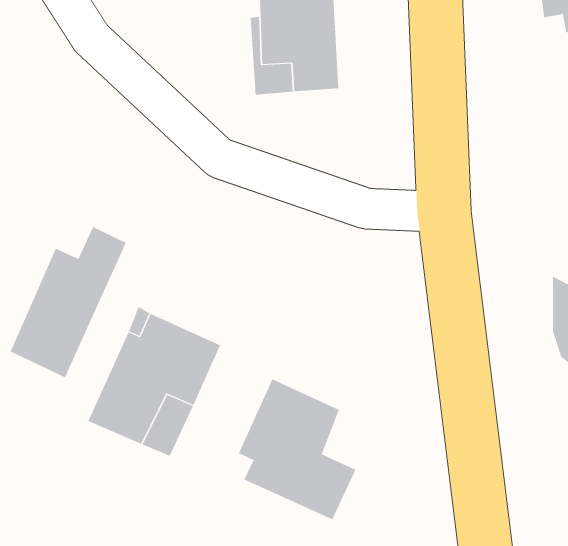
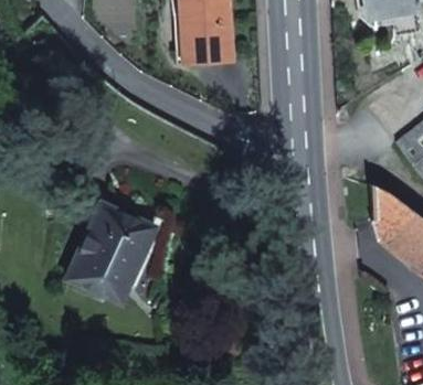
building: [10,226,126,378] -> none
building: [238,379,356,520] -> none

